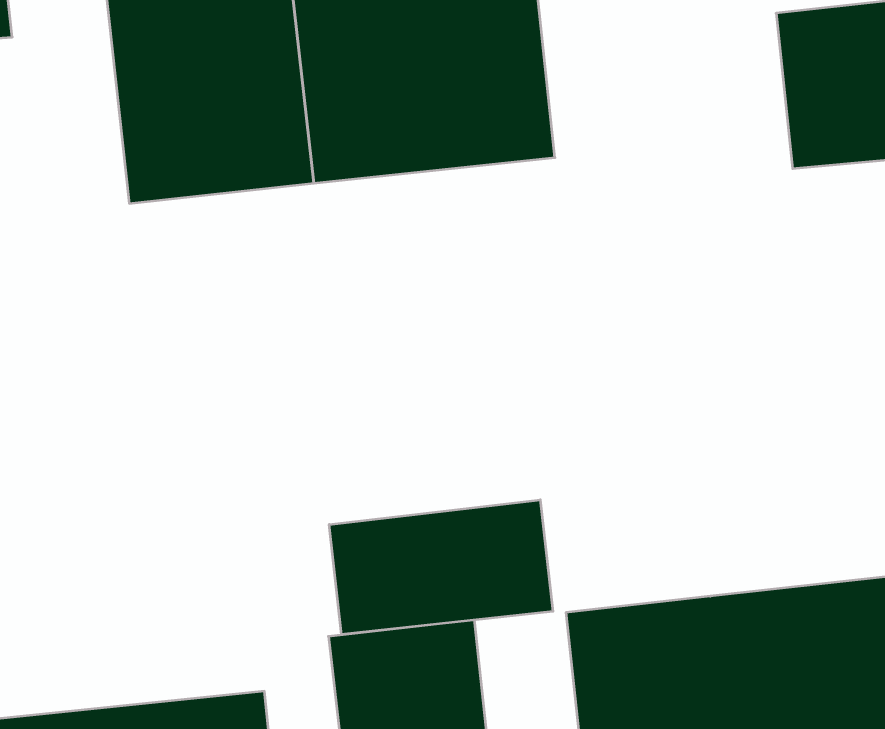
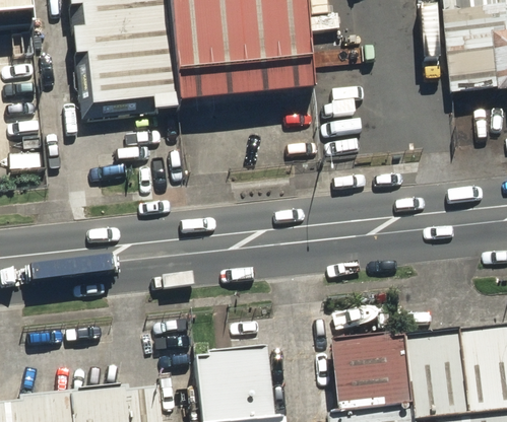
building: [329,500,553,635] -> none

